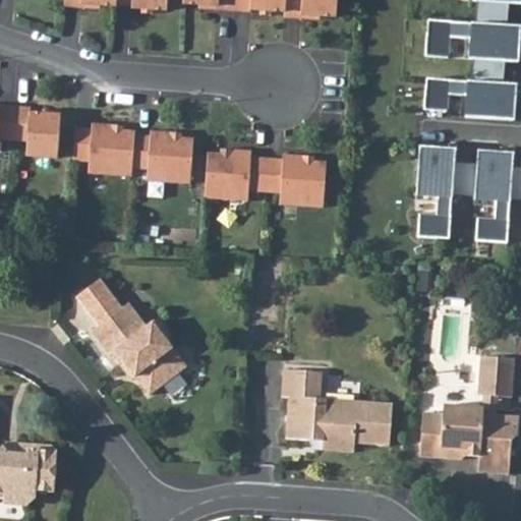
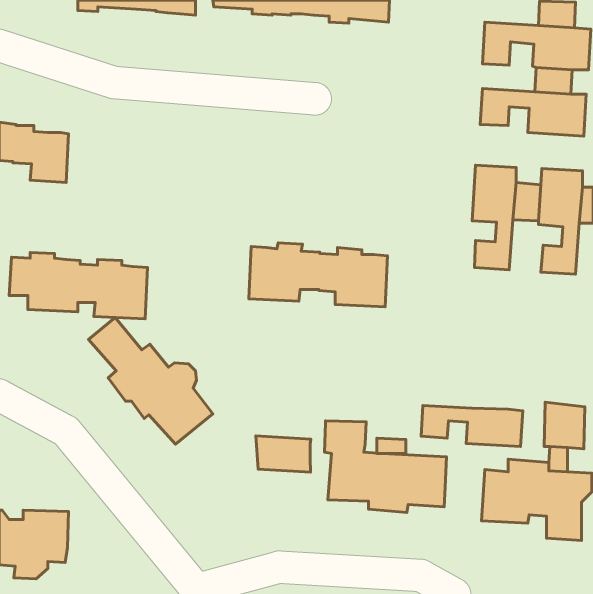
building: [73,124,194,182] -> [9,252,147,319]
building: [207,148,328,204] -> [249,243,387,307]
building: none -> [421,406,523,447]
building: none -> [256,436,311,472]

